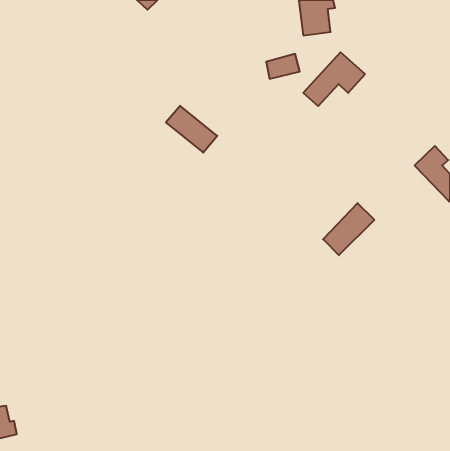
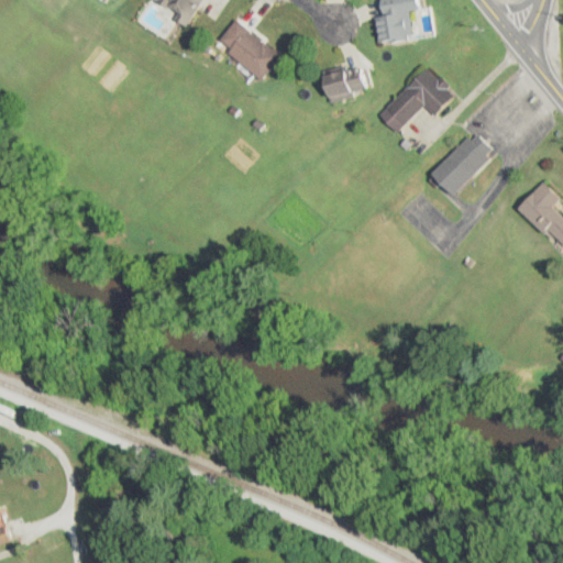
building: [166,106,217,153] -> [224,21,288,79]
building: [323,203,374,255] -> [428,132,492,197]

